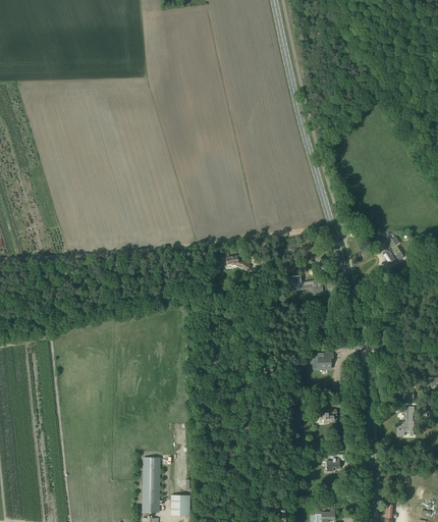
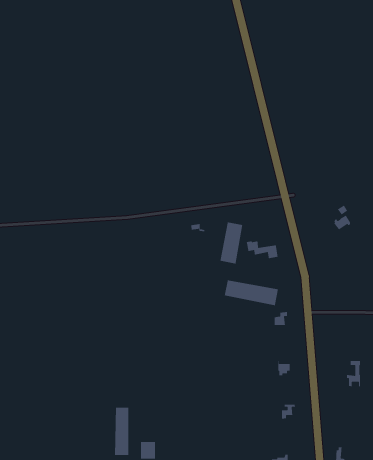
building: none -> [219,221,243,265]
building: none -> [224,280,279,306]

